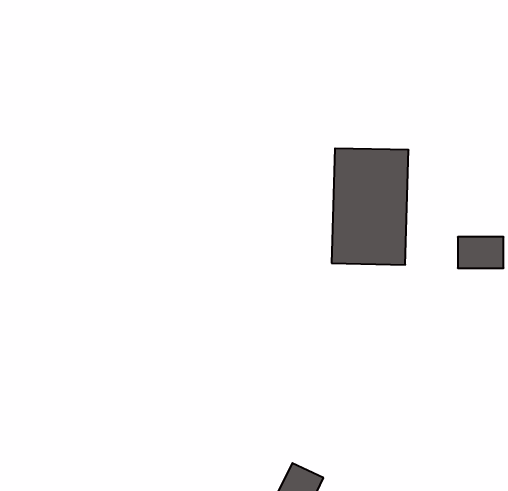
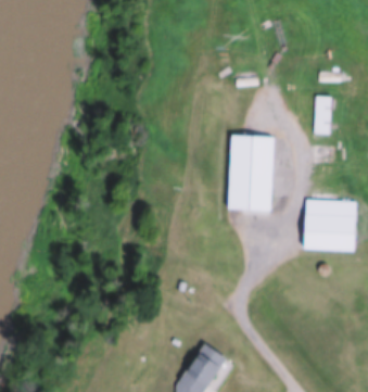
building: none -> [316,98,331,137]
building: none -> [308,222,338,243]

